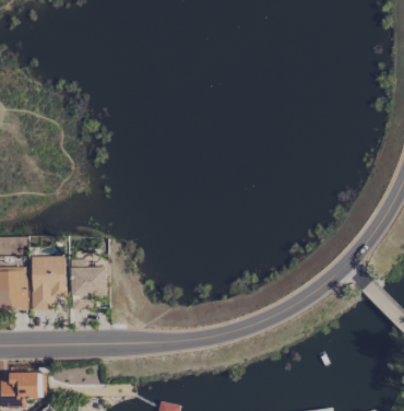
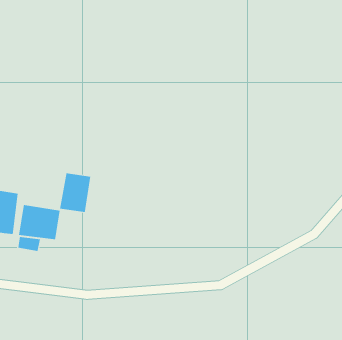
building: none -> [59,172,91,213]

